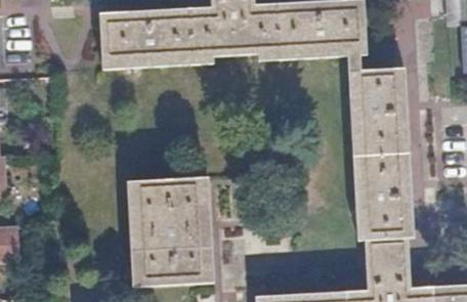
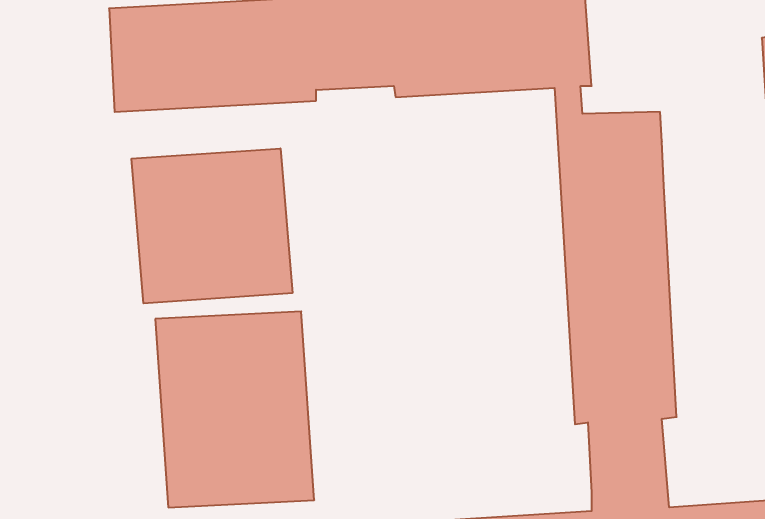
building: none -> [132,148,292,303]

